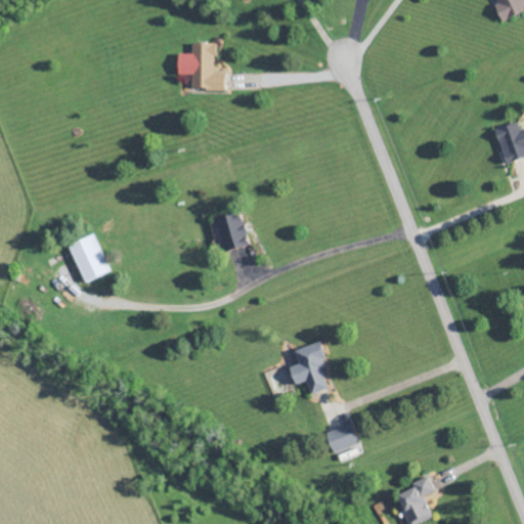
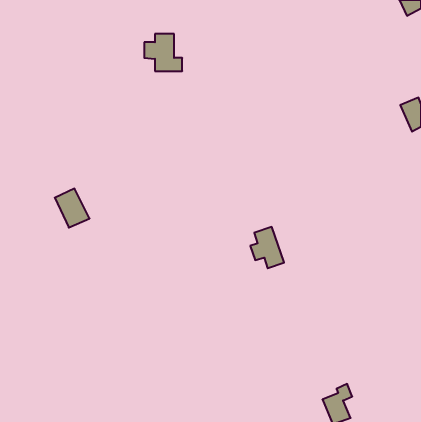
building: [215,211,249,252] -> none
building: [290,343,332,394] -> [250,227,284,268]
building: [326,423,359,452] -> none

